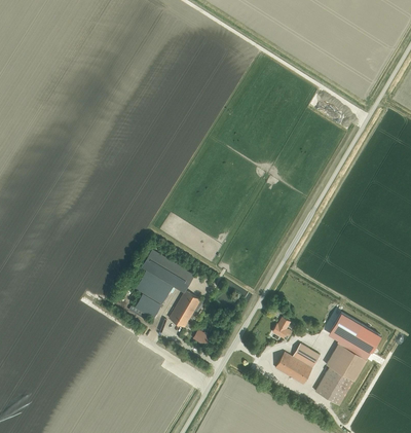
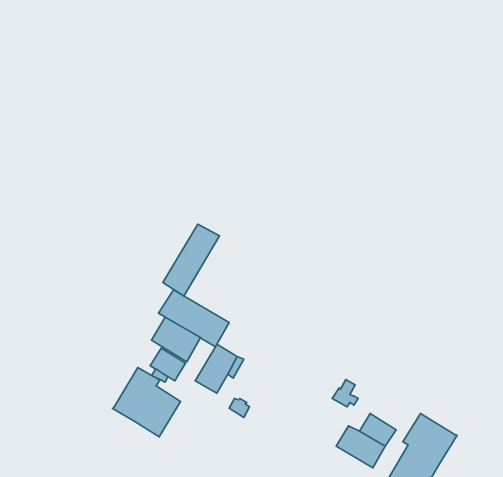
building: none -> [163,224,220,296]
building: none -> [113,367,180,437]
building: [331,312,381,359] -> none

